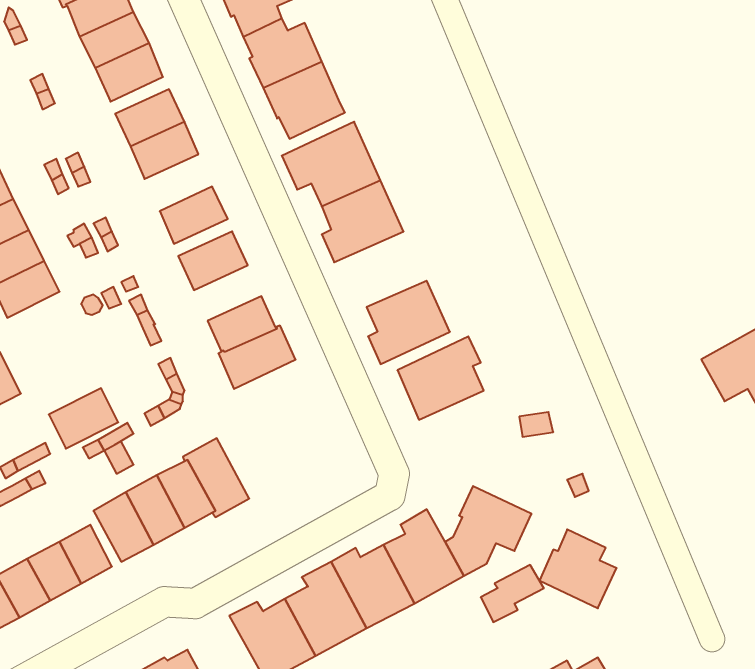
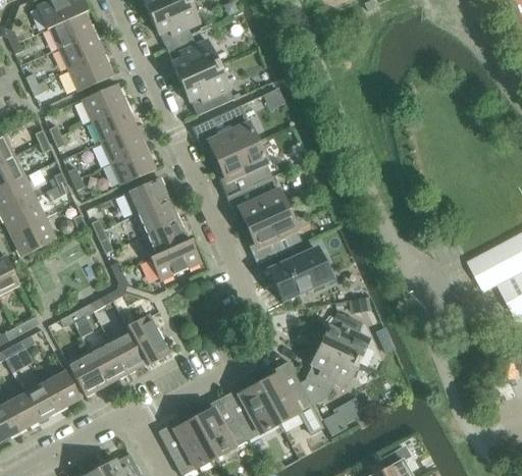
building: none -> [101,126,146,164]
building: none -> [226,177,288,227]
building: none -> [134,200,178,236]
building: [49,388,118,449] -> [10,217,56,257]
building: [539,529,617,608] -> [318,312,369,364]

